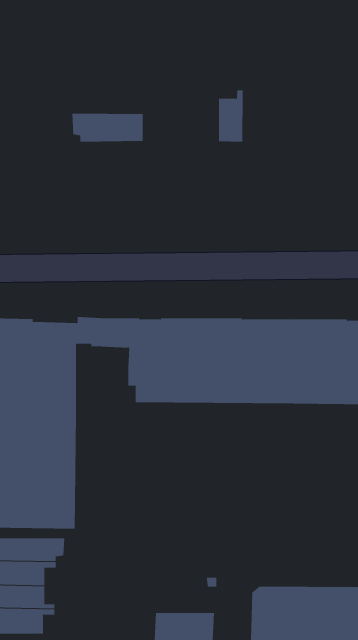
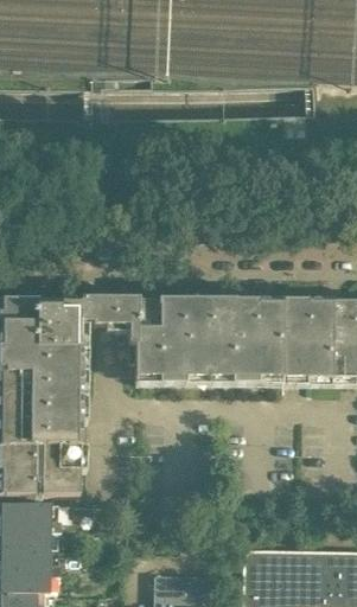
building: [218,90,243,142] -> none
building: [72,113,143,143] -> none

